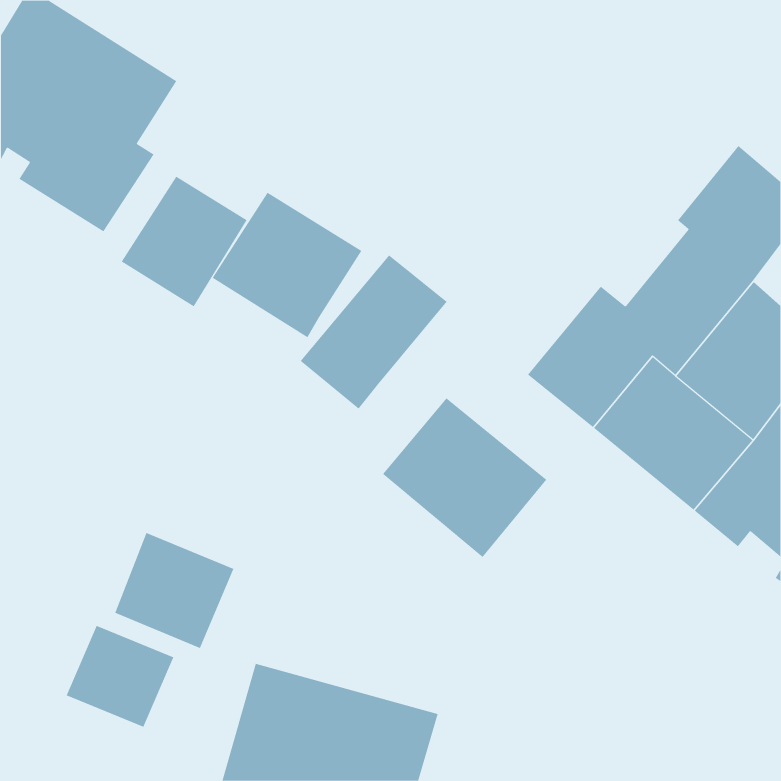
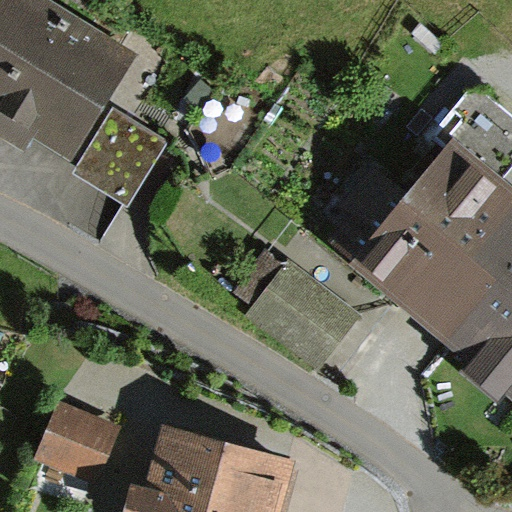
building: [212,192,362,338] -> none
building: [300,255,447,410] -> none
building: [114,532,234,649] -> none

